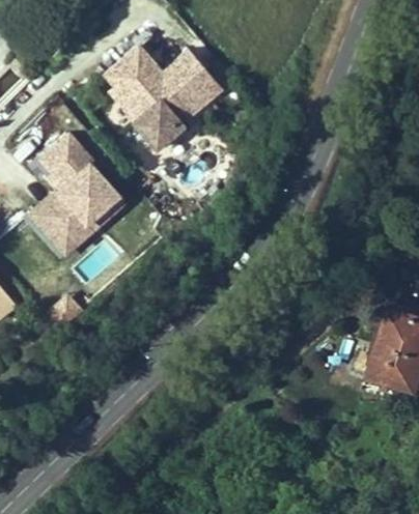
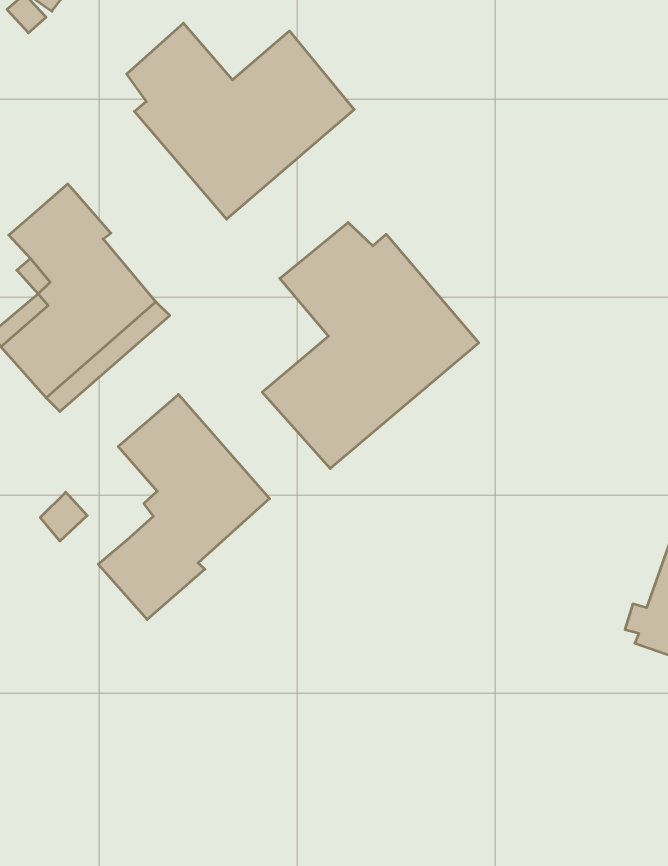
building: none -> [262,222,479,469]
building: none -> [98,394,270,620]

